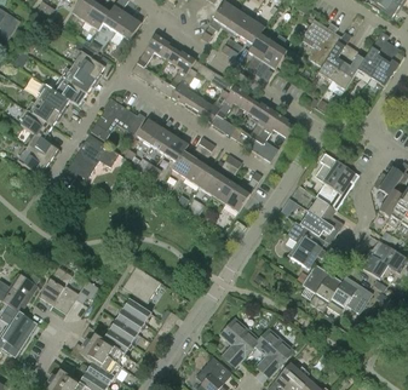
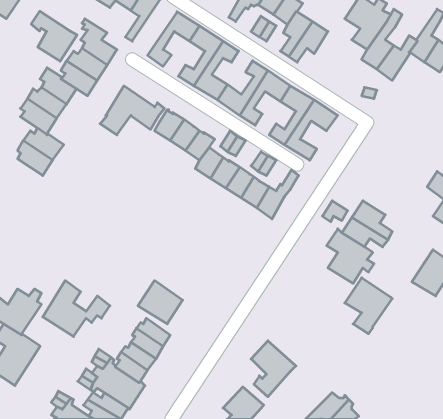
building: none -> [31,11,77,61]
building: [67,133,120,182] -> none
building: [315,154,357,208] -> none
building: [326,275,372,315] -> none
building: [254,328,293,377] -> none

